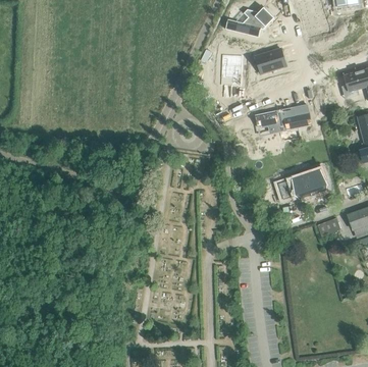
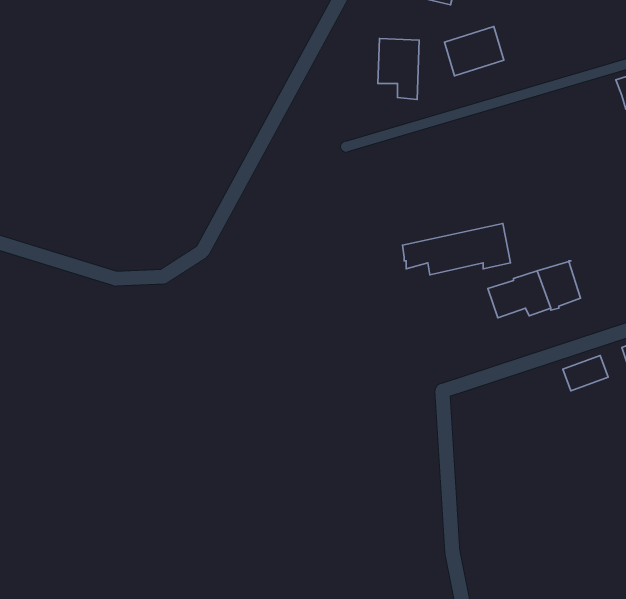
building: [255,104,311,130] -> [402,224,511,275]

